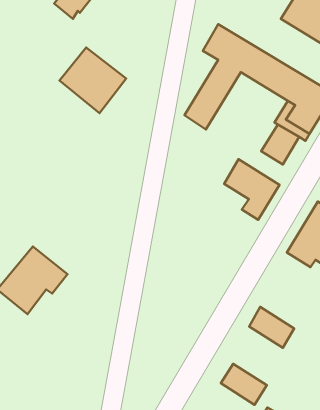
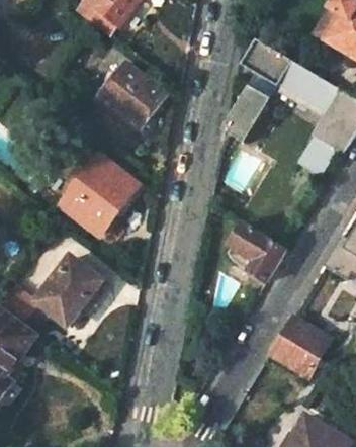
building: none -> [62,157,137,234]
building: [224,159,280,220] -> [229,221,283,281]
building: [221,364,267,405] -> [272,337,318,377]

